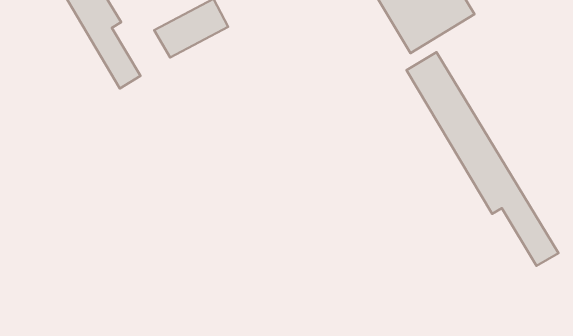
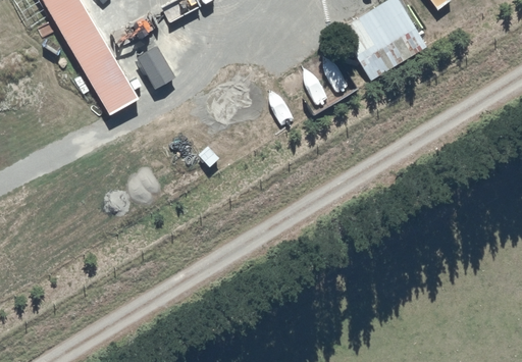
building: [407,52,558,266] -> none

